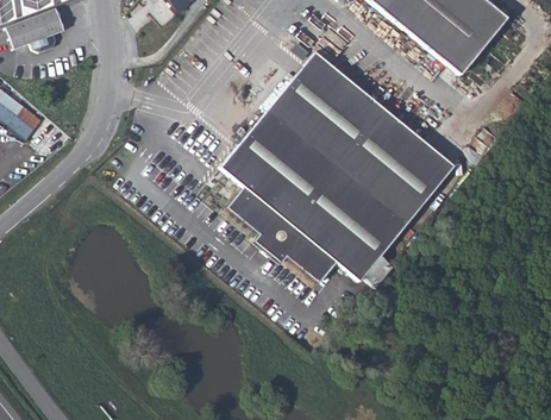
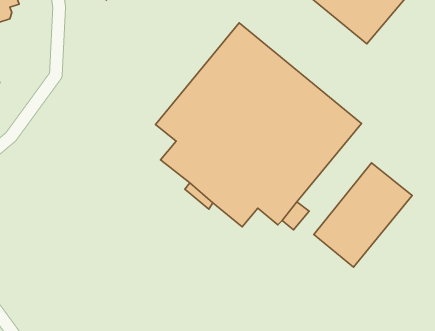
building: none -> [314,163,412,267]

